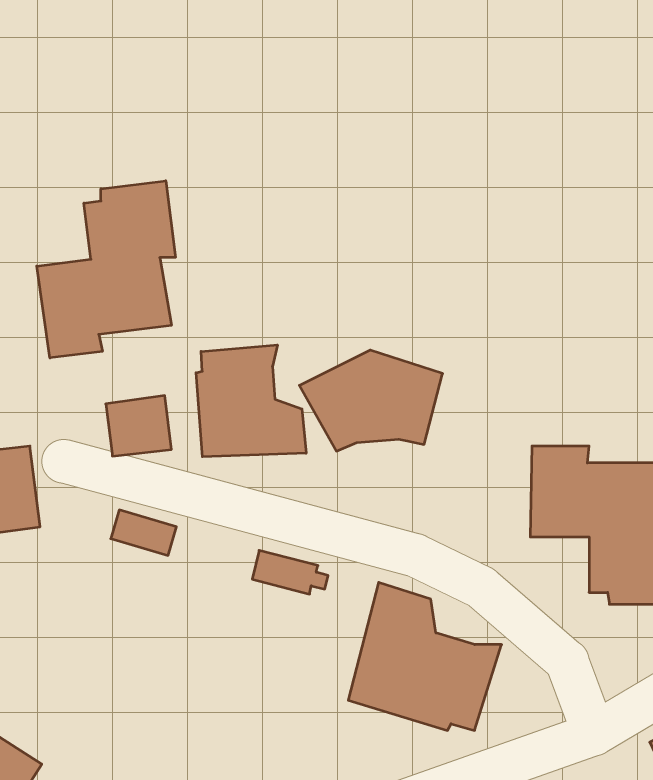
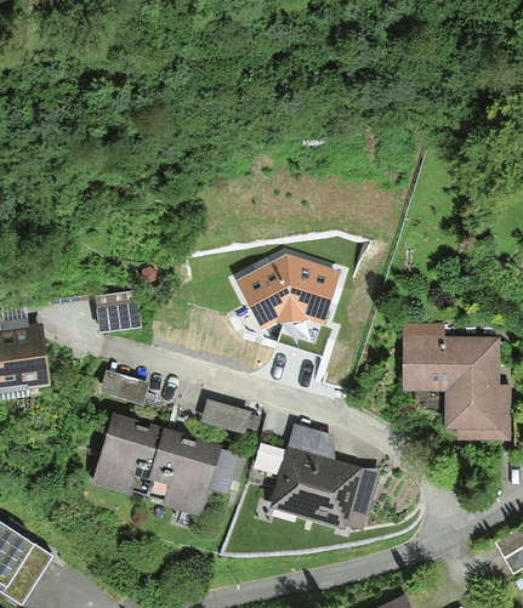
building: [37,181,175,358] -> none
building: [196,345,306,457] -> none
building: none -> [91,413,238,515]

